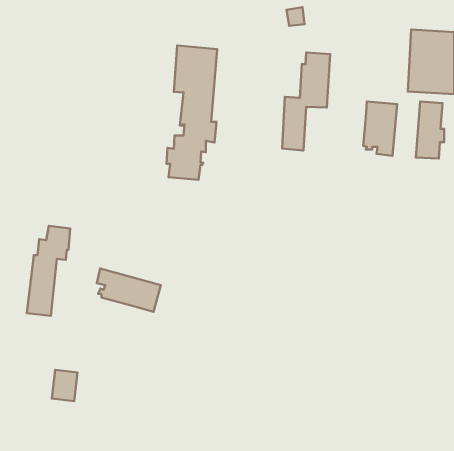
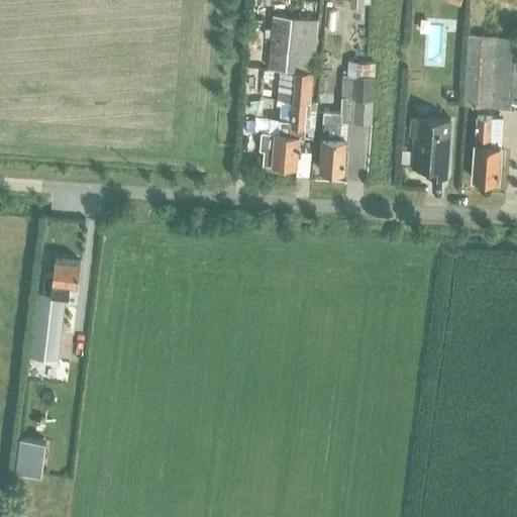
building: [167,45,217,180] -> [260,18,317,171]
building: [97,269,161,312] -> none
building: [52,370,78,401] -> [16,440,45,476]

